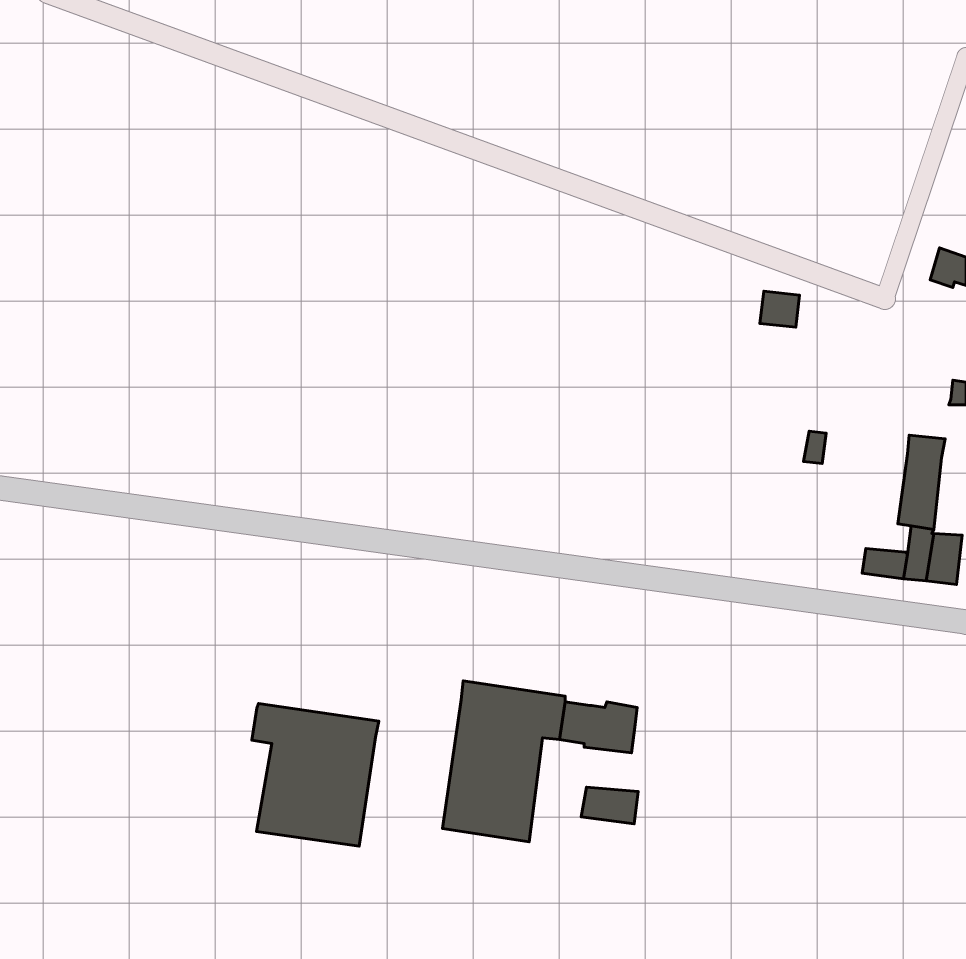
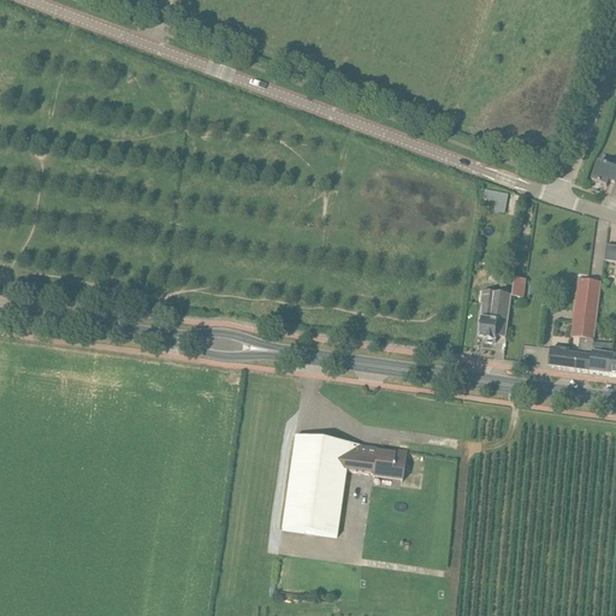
building: none -> [479,300,511,340]
building: [252,703,379,846] -> none
building: [581,787,638,824] -> none

